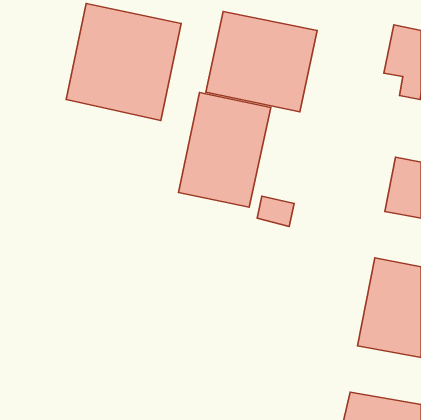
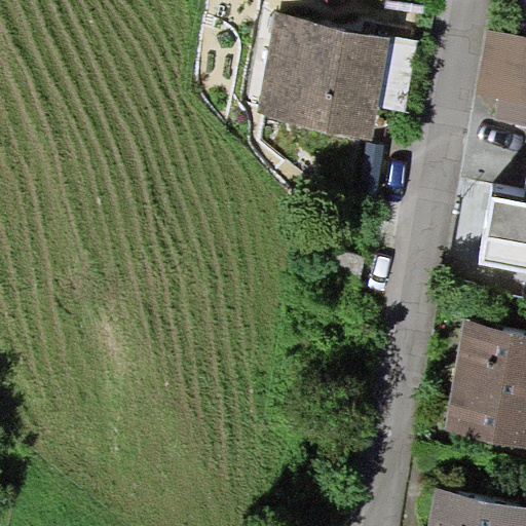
building: [66,3,181,120] -> none
building: [178,93,271,207] -> none

